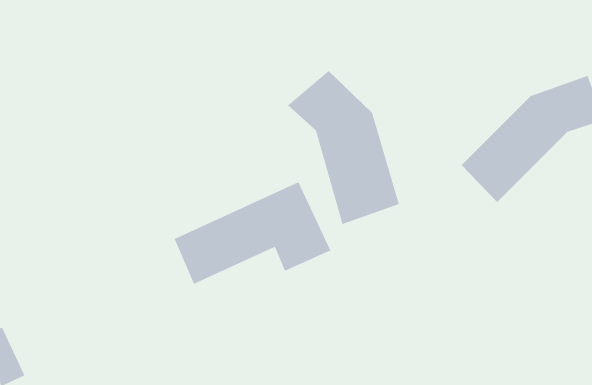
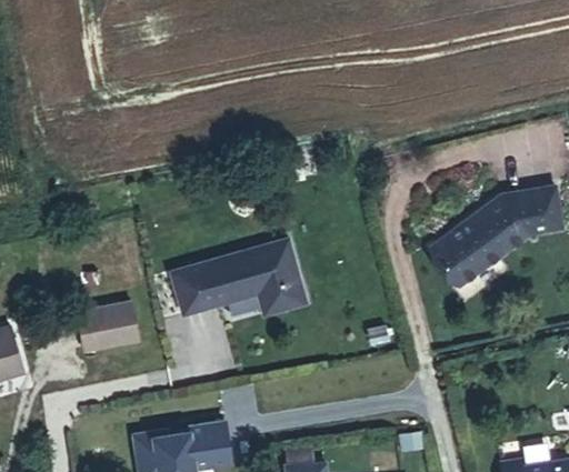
building: [287,70,399,225] -> none
building: none -> [78,302,140,352]

